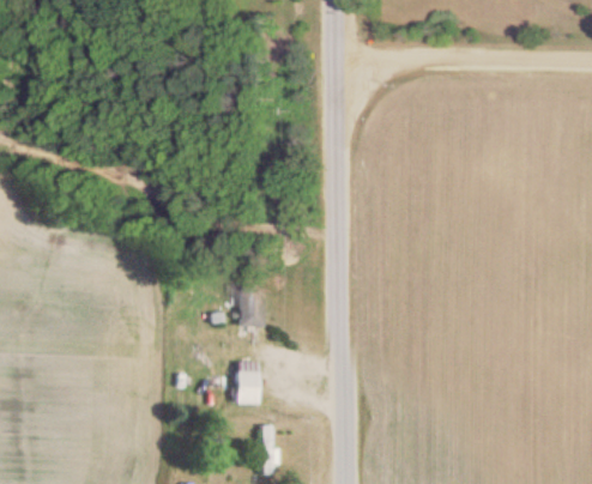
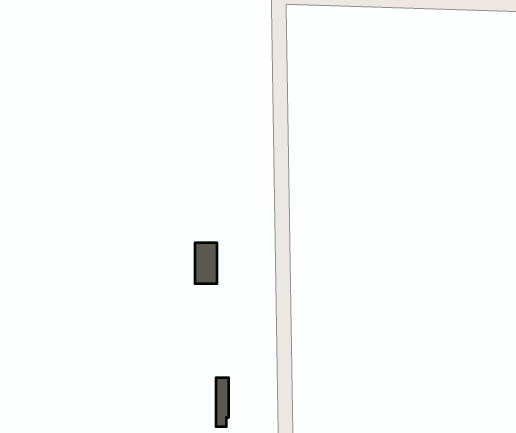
building: [235,369,256,401] -> none

